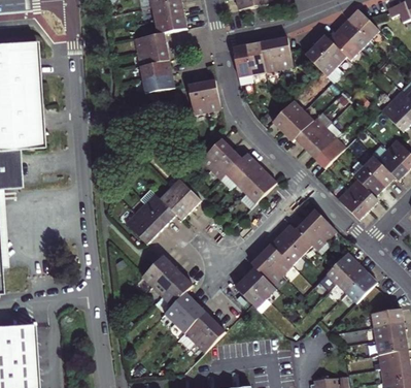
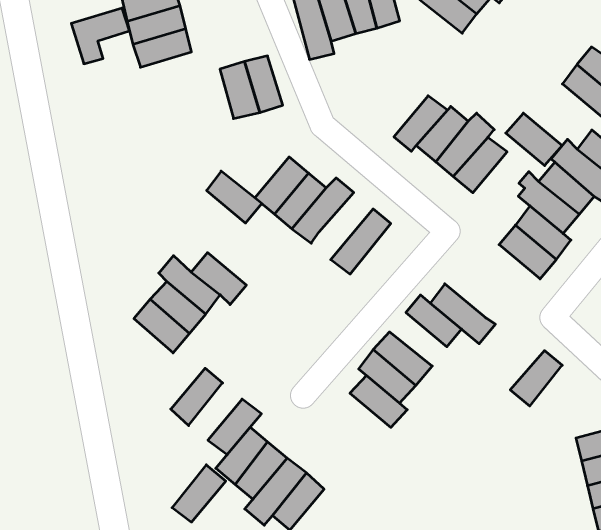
building: [141,73,174,103] -> [71,8,130,64]
building: [271,100,304,132] -> none
building: none -> [506,113,562,166]
building: [235,162,267,193] -> none
building: [170,179,201,209] -> [207,171,262,223]
building: [304,209,336,240] -> none
building: [270,233,302,265] -> none
building: [319,252,357,290] -> none
building: [150,264,182,296] -> [172,465,226,522]
building: [346,271,377,302] -> none
building: [235,277,270,313] -> none

